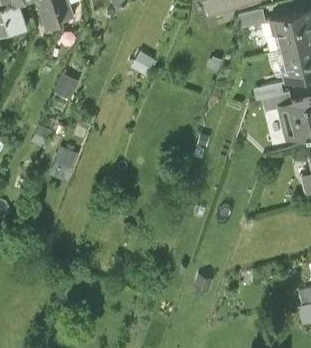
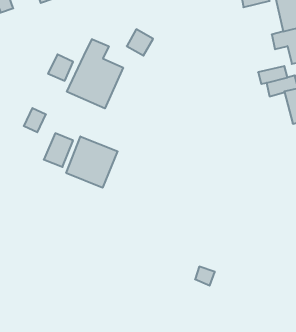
building: none -> [67,39,123,108]
building: none -> [66,136,118,188]

